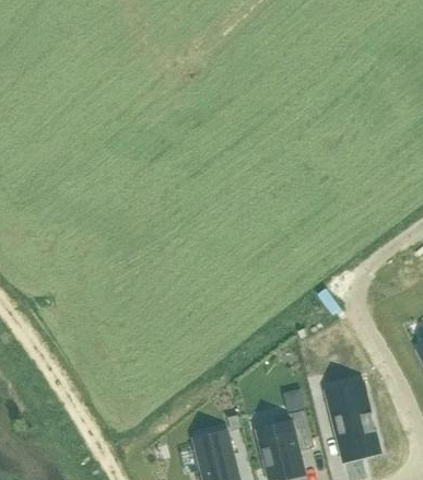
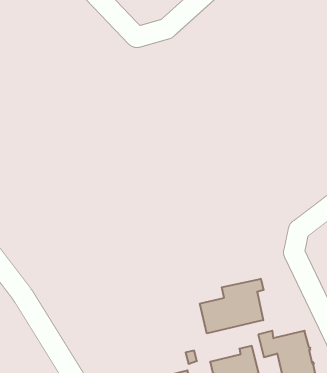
building: none -> [200,279,264,333]

